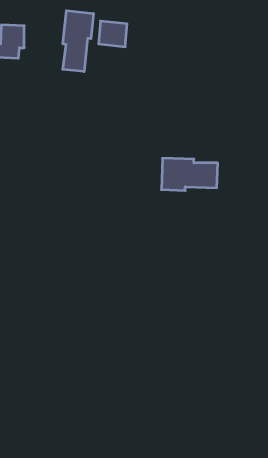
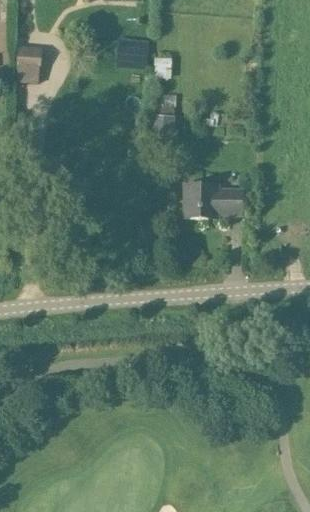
building: [63,11,93,72] -> none
building: none -> [153,114,174,139]

